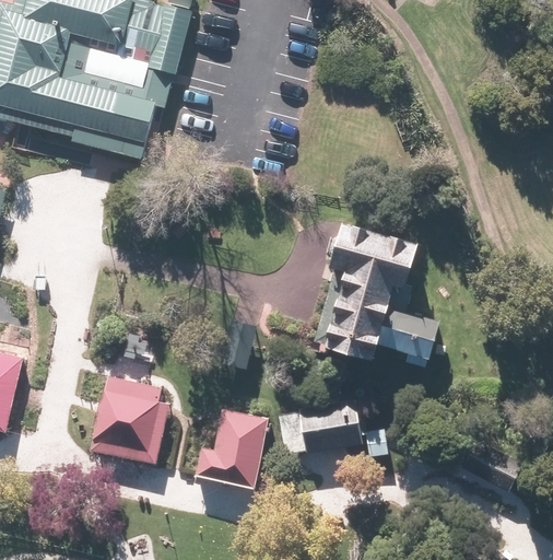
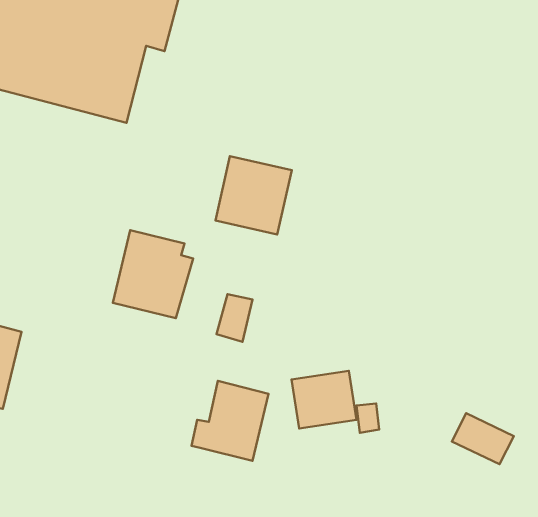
building: none -> [215,156,292,235]
building: [304,225,436,370] -> none
building: [90,376,170,465] -> [113,230,193,318]

